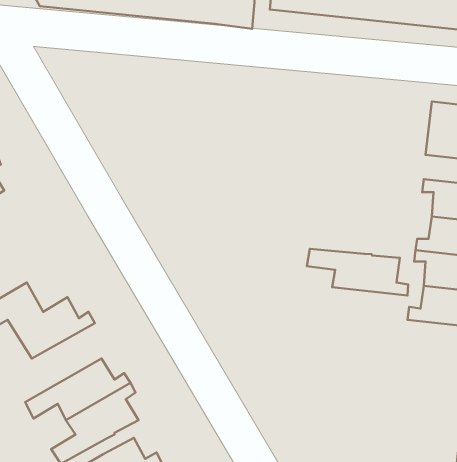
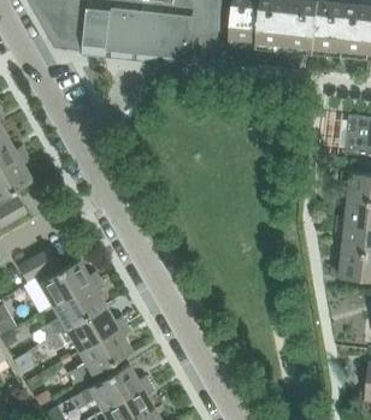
building: [307,249,408,295] -> none
building: none -> [41,279,104,338]

